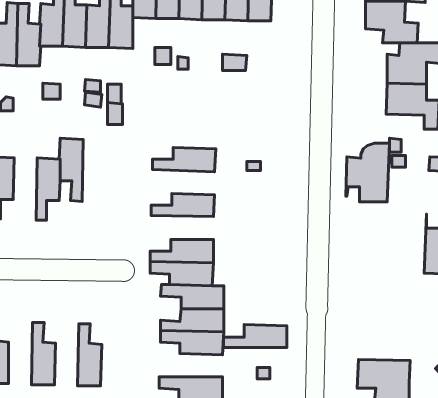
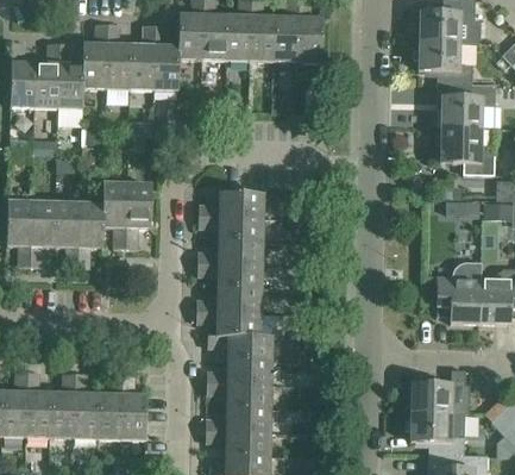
building: none -> [126,185,152,249]
building: [346,143,390,202] -> [437,262,482,323]
building: none -> [55,204,80,268]
building: none -> [199,215,263,242]
building: none -> [197,263,262,288]
building: none -> [412,370,466,413]
building: none -> [50,374,75,438]
building: none -> [98,374,123,439]
building: [223,325,287,348] -> [206,406,271,430]

